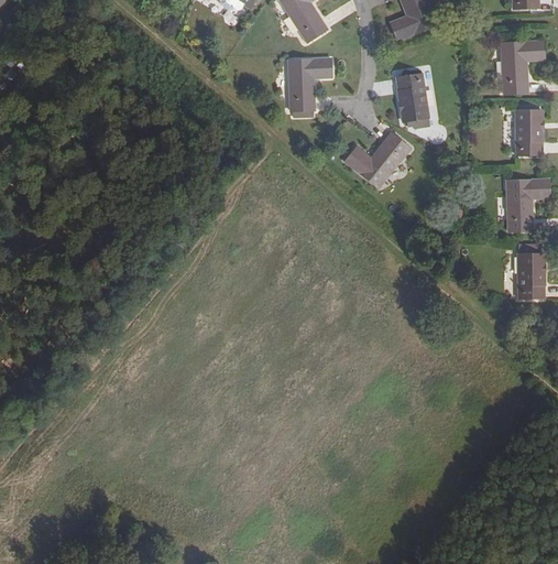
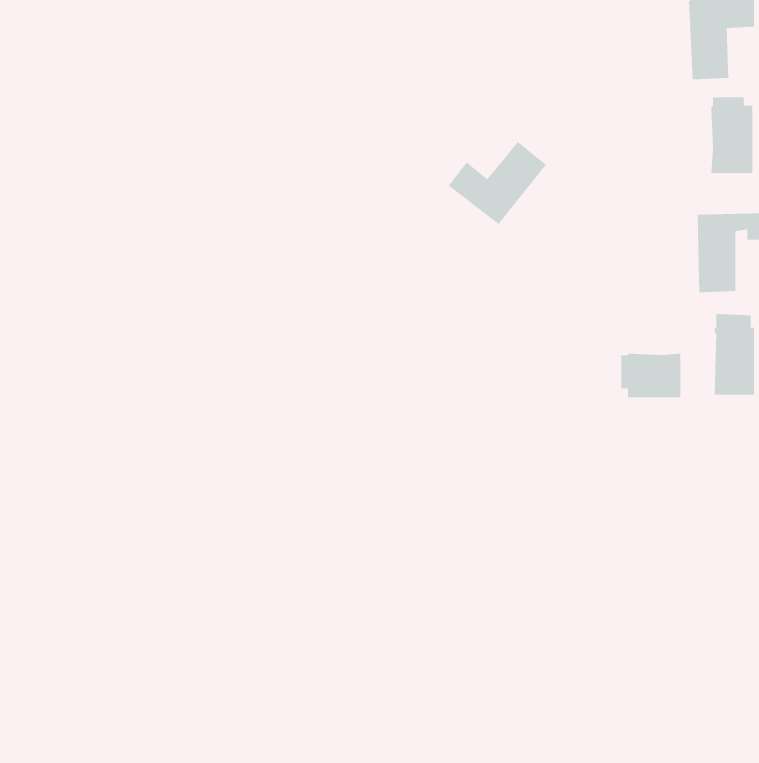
building: [288,58,331,117] -> none
building: [395,74,428,121] -> none
building: none -> [621,353,681,398]

